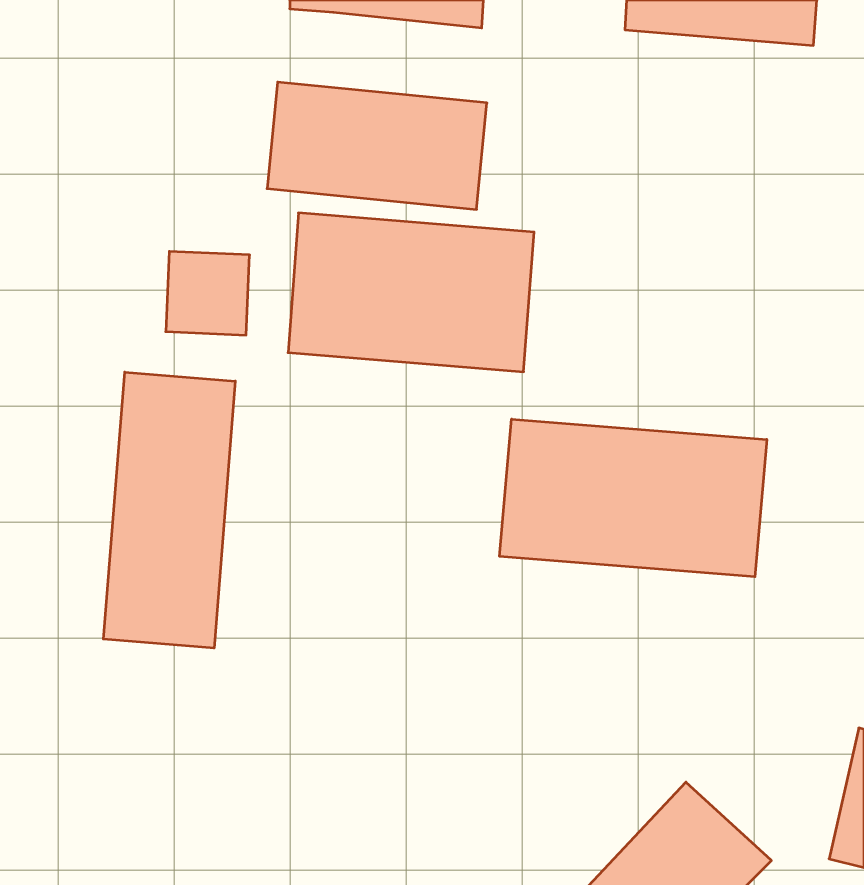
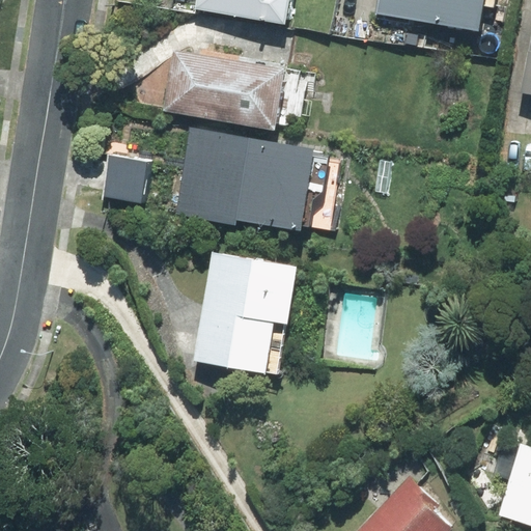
building: [103,372,235,648] -> none
building: none -> [198,248,298,364]
building: [500,419,767,577] -> none

